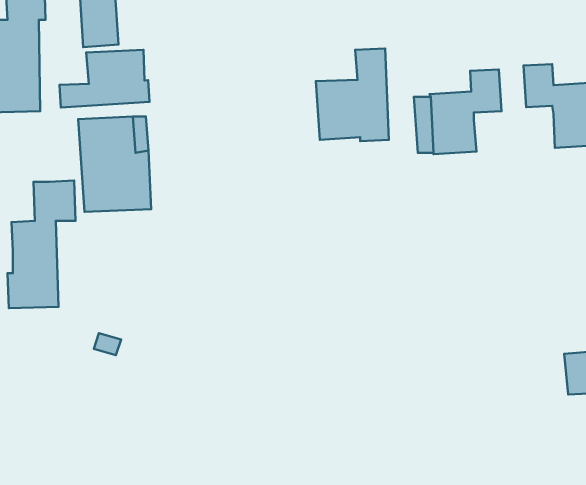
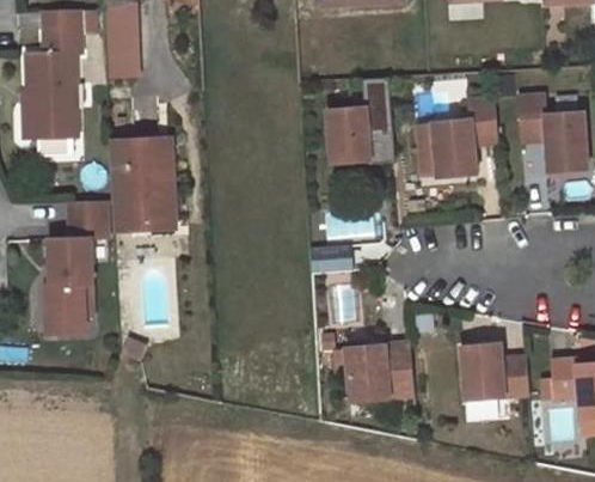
building: [59,50,150,108] -> none
building: none -> [348,340,416,399]
building: none -> [462,342,532,399]

